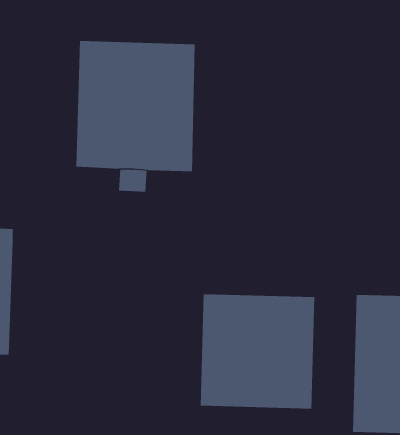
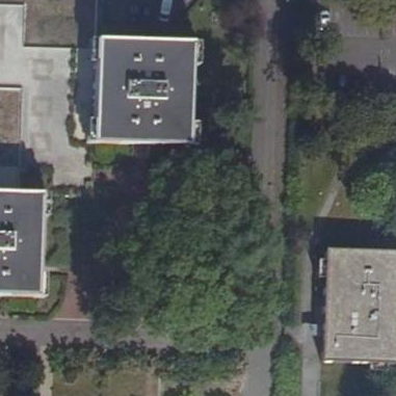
building: [200,293,315,409] -> none

